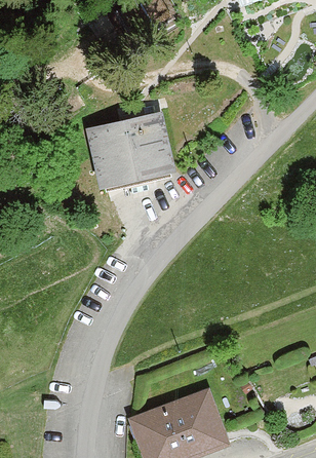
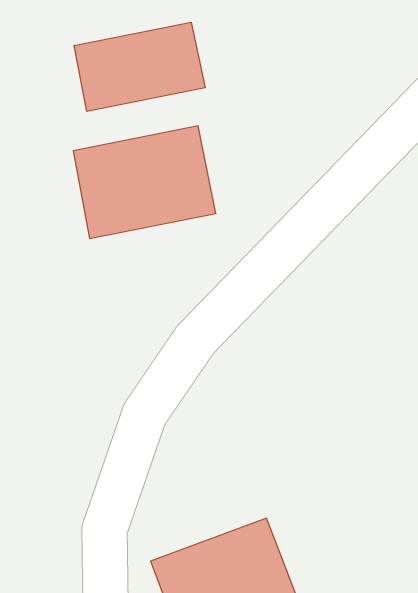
building: none -> [74,22,205,111]

